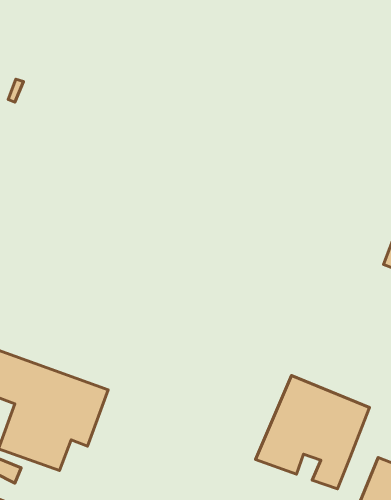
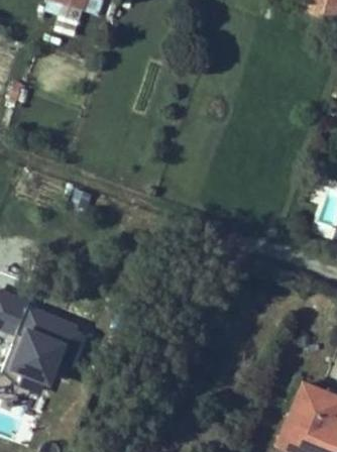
building: [256,375,370,489] -> none

